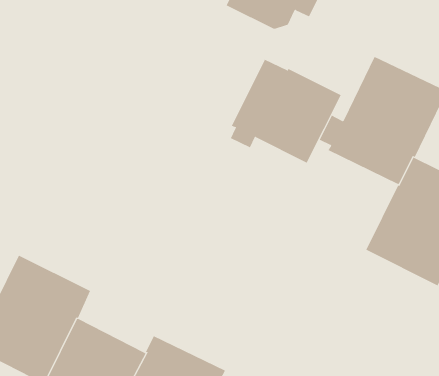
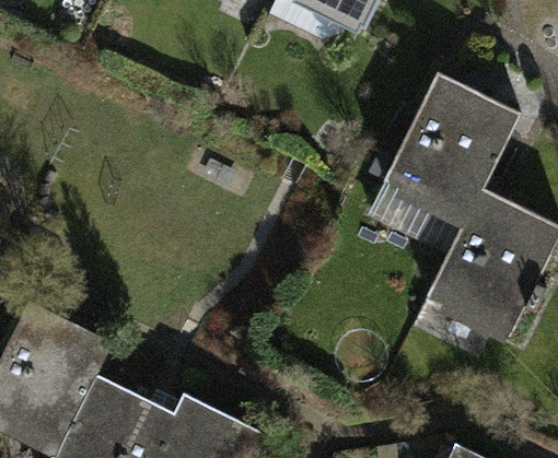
building: [230,59,341,163] -> none

